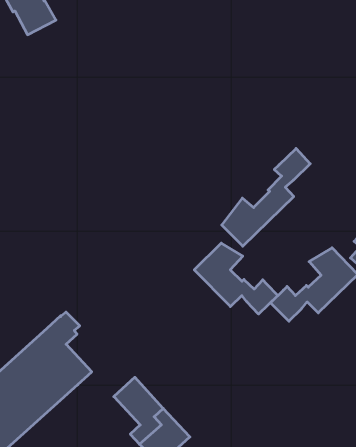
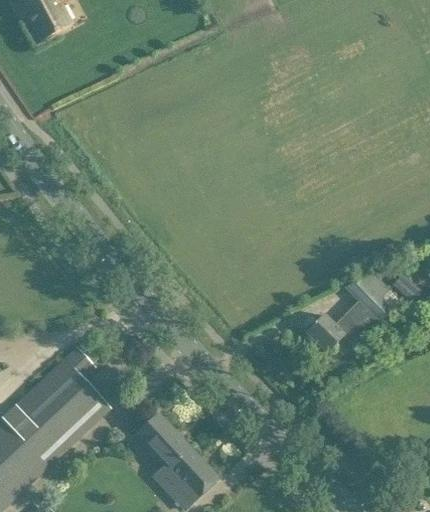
building: [222,148,310,246] -> none
building: [194,243,278,314] -> none

